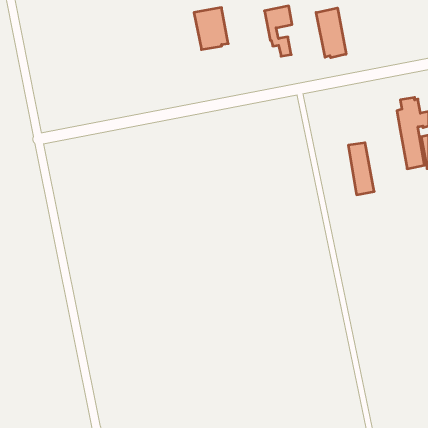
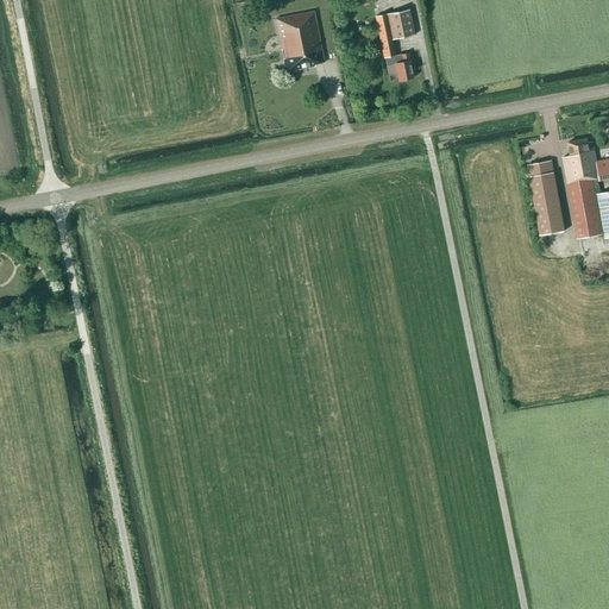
building: [316,8,346,58] -> none
building: [348,143,374,195] -> [528,159,565,233]

